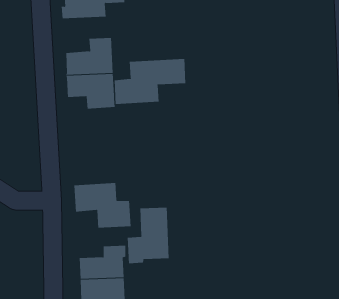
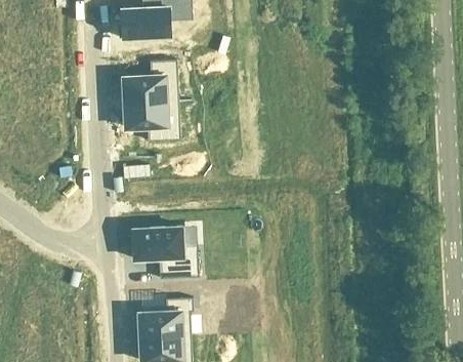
building: [114,58,186,105] -> none
building: [127,207,169,264] -> none

